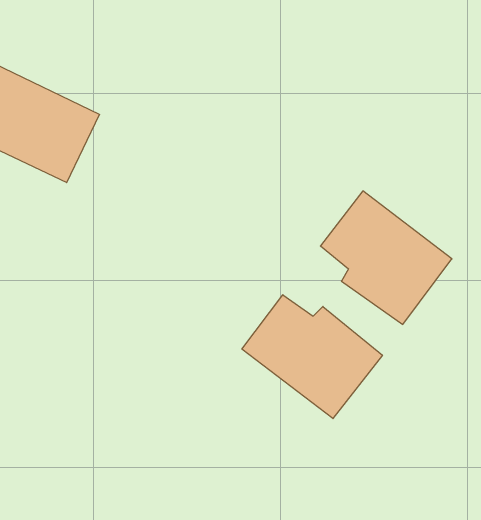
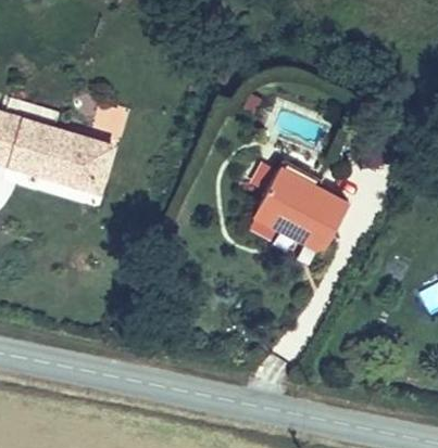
building: [242,295,382,419] -> none

